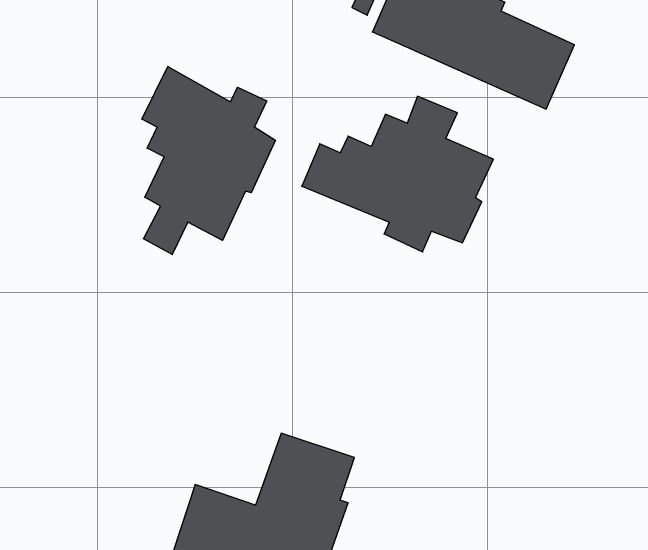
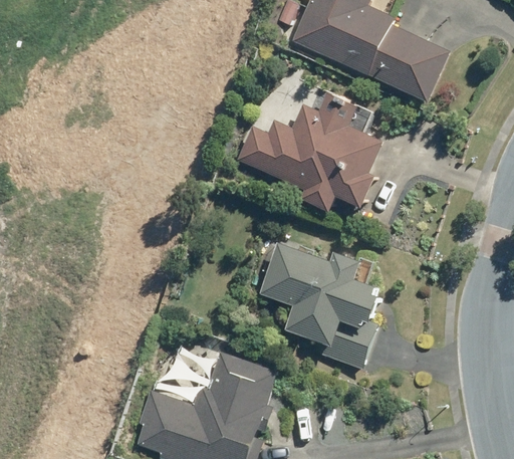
building: [142,66,276,255] -> none
building: none -> [259,242,374,370]

